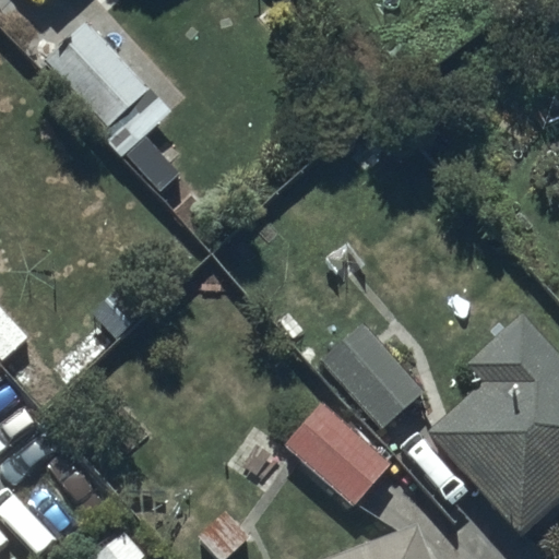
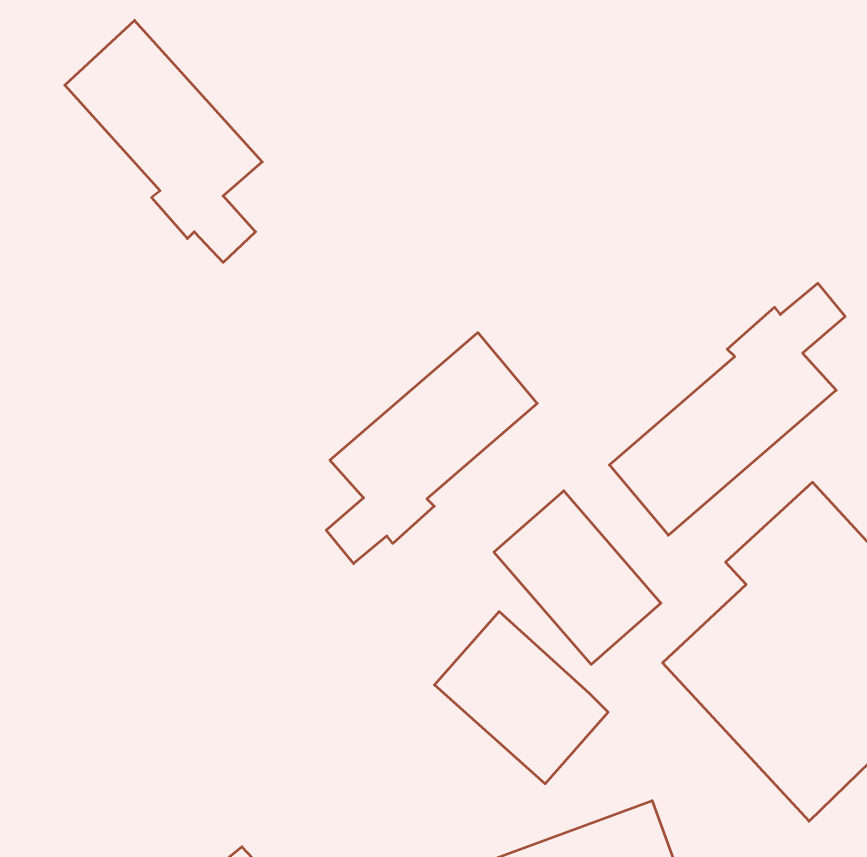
building: none -> [609,283,845,535]
building: none -> [326,333,537,564]

